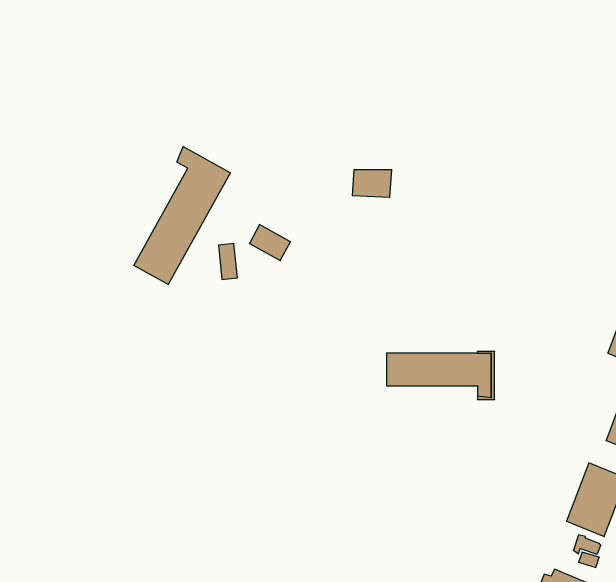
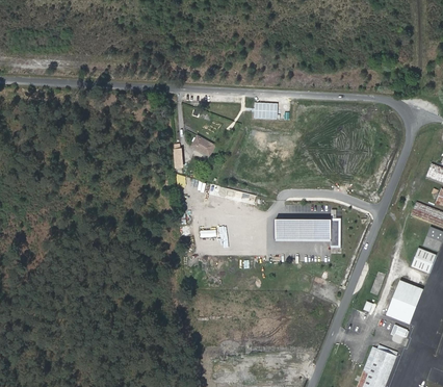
building: [134,146,230,285] -> none

